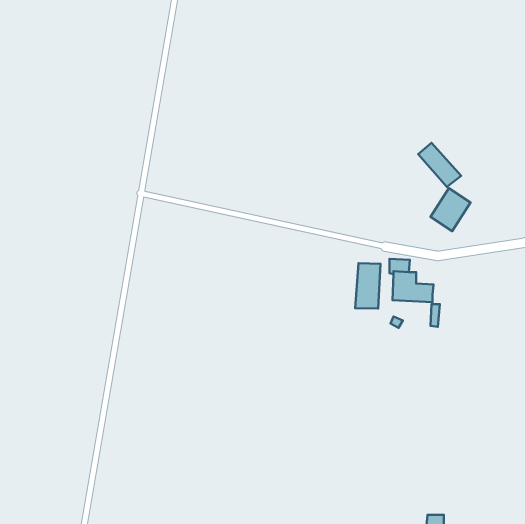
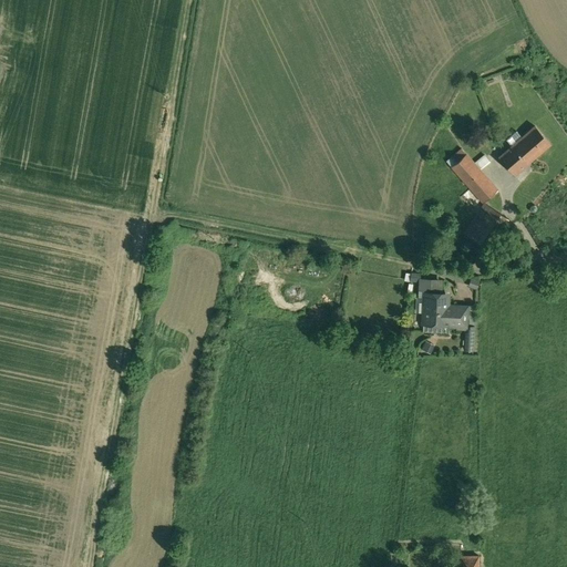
building: none -> [498,127,549,175]
building: [355,263,380,308] -> none

